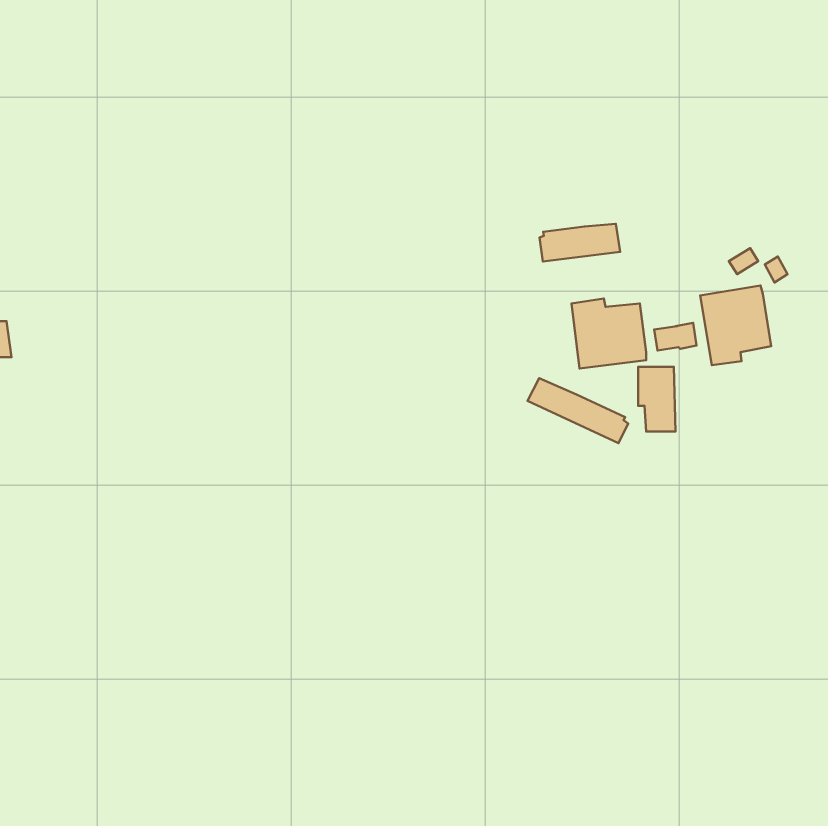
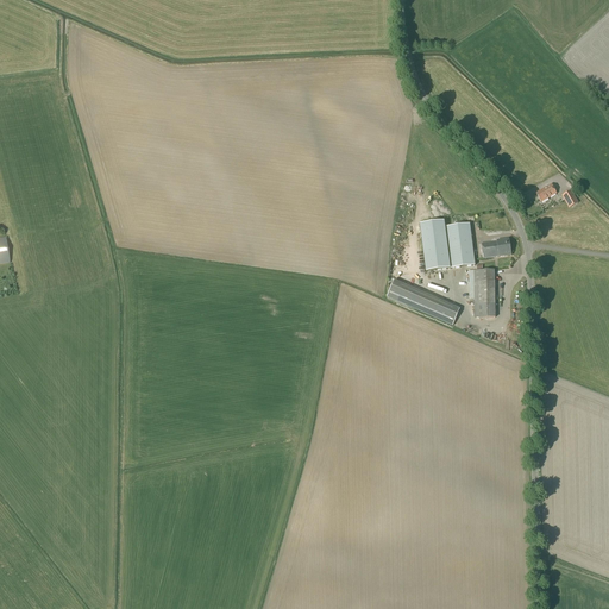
building: [539,224,620,262] -> none
building: [700,285,771,365] -> none

